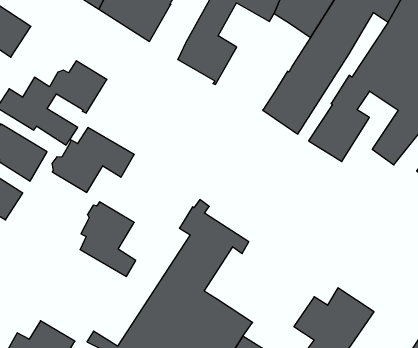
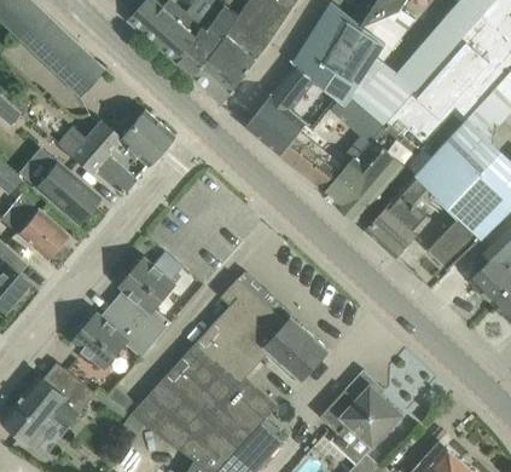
building: none -> [335,110,384,152]
building: none -> [280,132,343,190]
building: [52,128,134,192] -> [72,303,158,368]
building: none -> [234,318,327,379]

